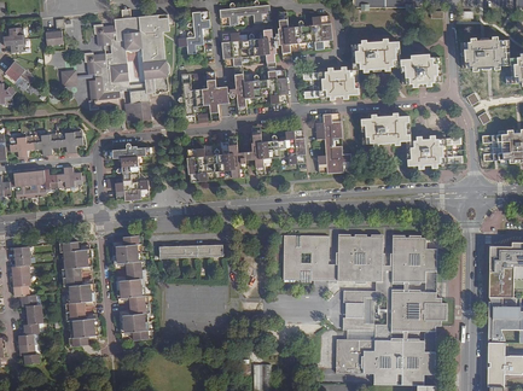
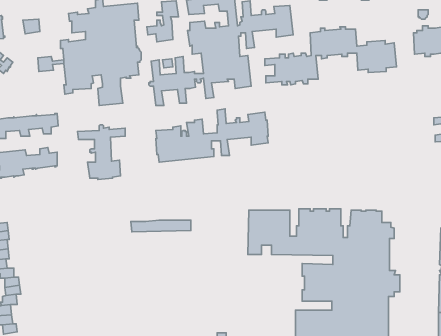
building: [314,112,351,173] -> none
building: [360,112,460,169] -> none
building: [112,234,151,340] -> none
building: [60,240,97,346] -> none

